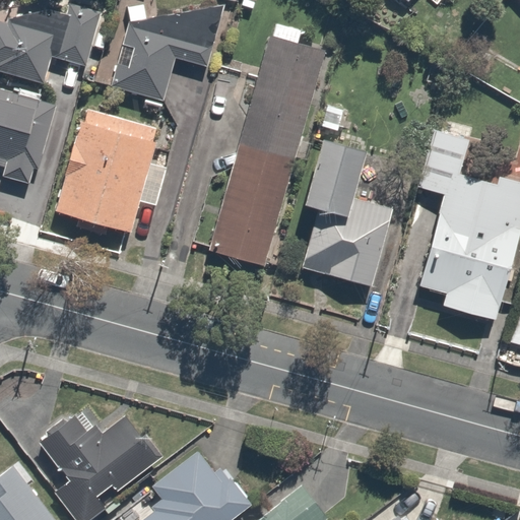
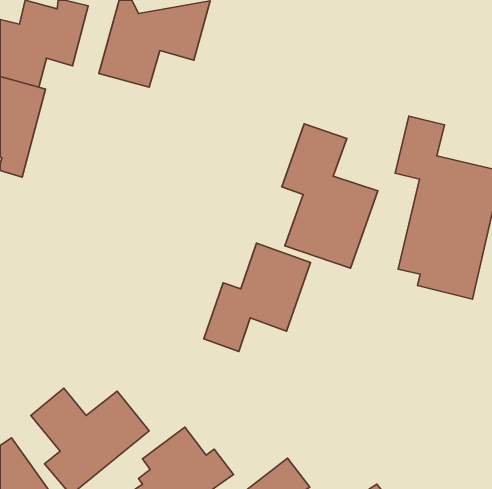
building: [207,23,328,267] -> none
building: [53,110,168,235] -> none
building: none -> [204,243,310,351]

